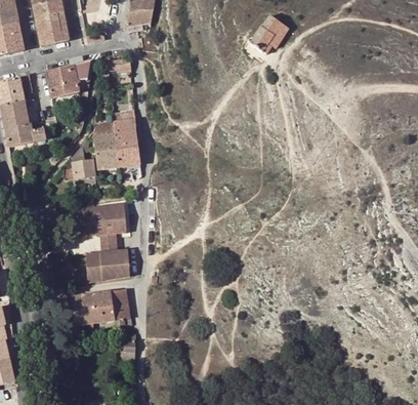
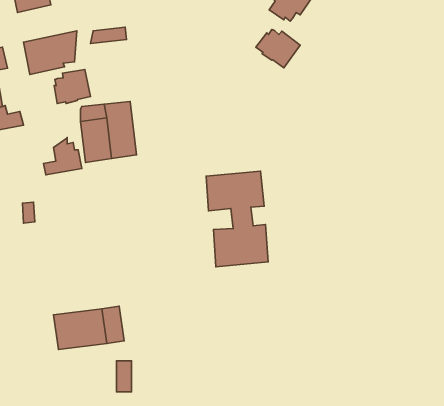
building: none -> [256,29,300,68]
building: none -> [54,69,91,103]
building: [78,202,129,281] -> [206,171,268,267]

